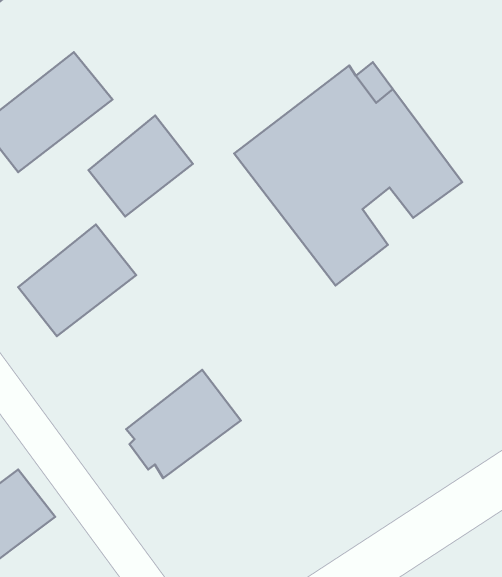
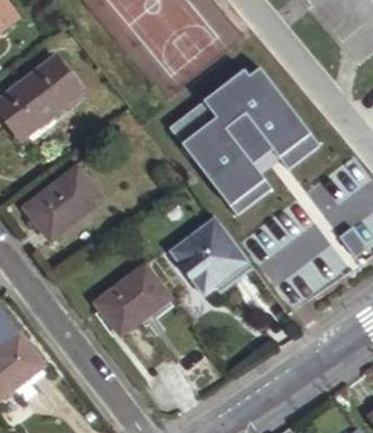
building: [89,116,193,217] -> none
building: none -> [170,214,251,295]

